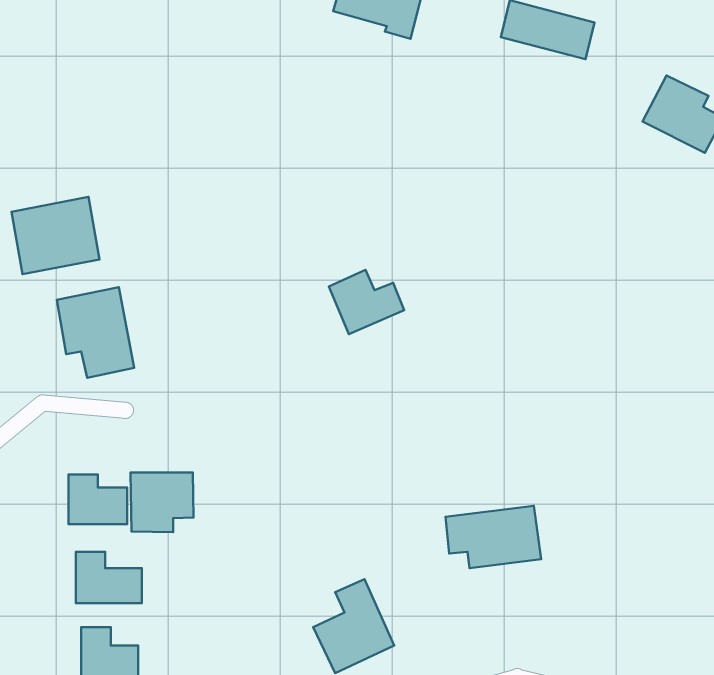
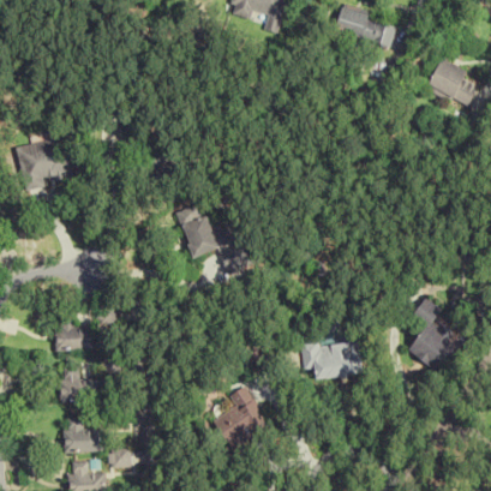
building: [329,270,404,334] -> [181,215,230,257]
building: [57,287,134,378] -> none
building: none -> [408,297,466,376]
building: [131,473,193,532] -> none

